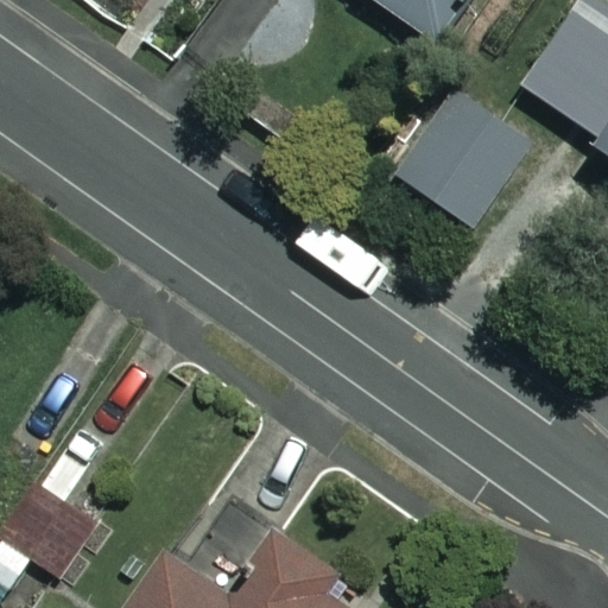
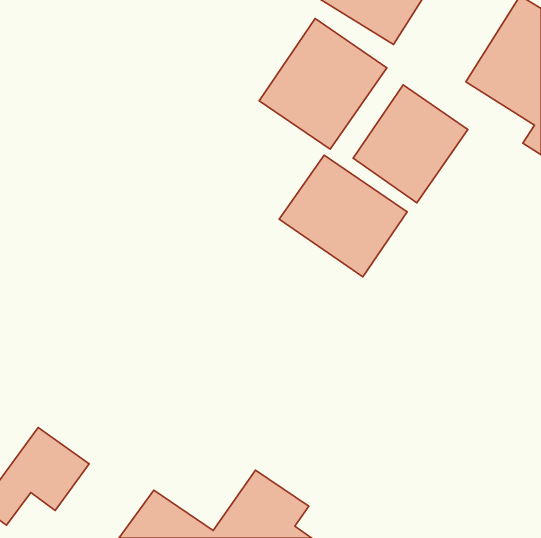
building: none -> [259,19,387,149]
building: none -> [279,155,407,277]

